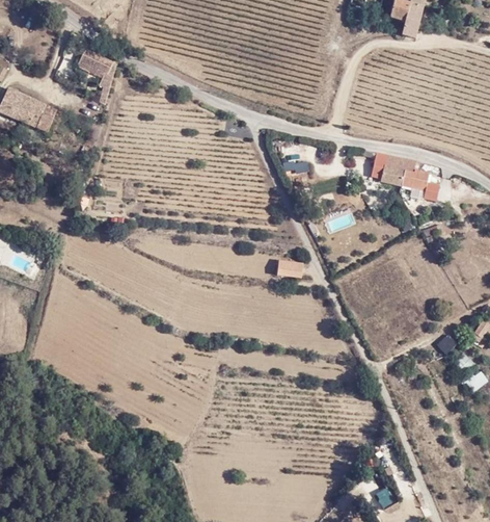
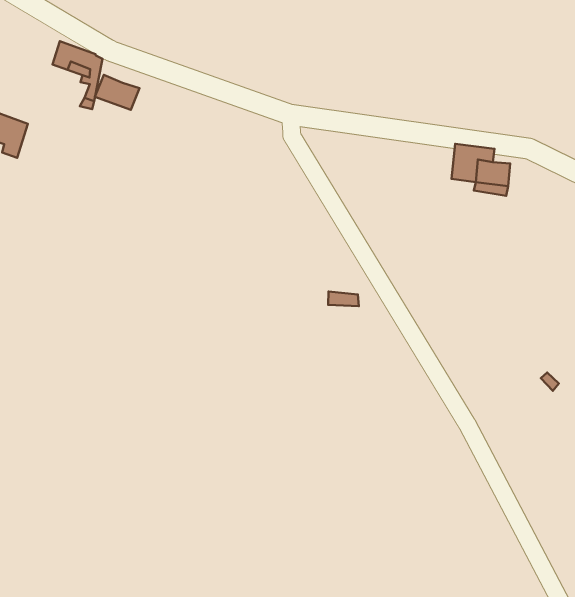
building: none -> [95,75,140,110]

